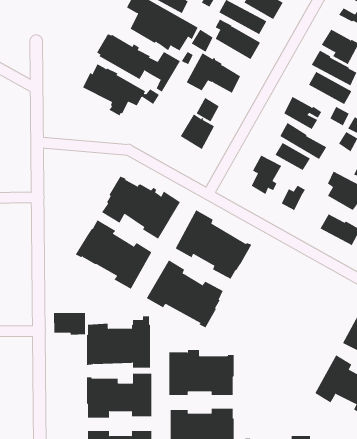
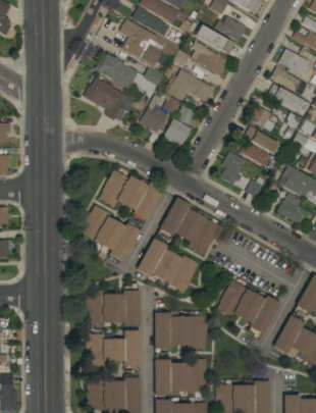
building: none -> [140,94,181,133]
building: none -> [217,279,280,340]
building: [53,312,85,335] -> none

